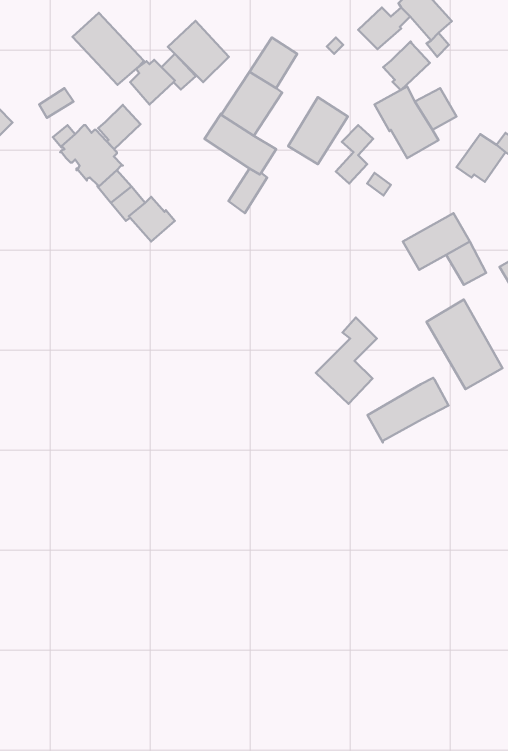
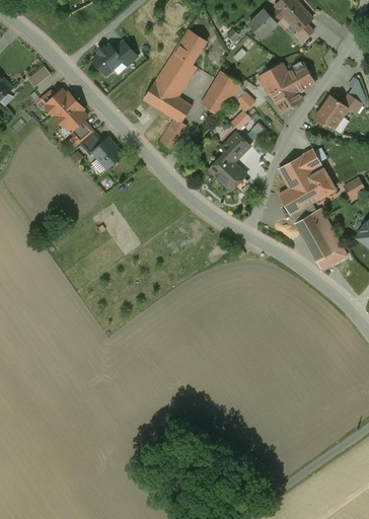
building: [72,13,144,85] -> none
building: [168,21,229,82] -> none
building: [383,42,430,90] -> none
building: [98,105,141,149] -> none
building: none -> [278,177,319,215]
building: [316,318,377,404] -> [208,132,249,191]
building: [367,378,449,442] -> none

